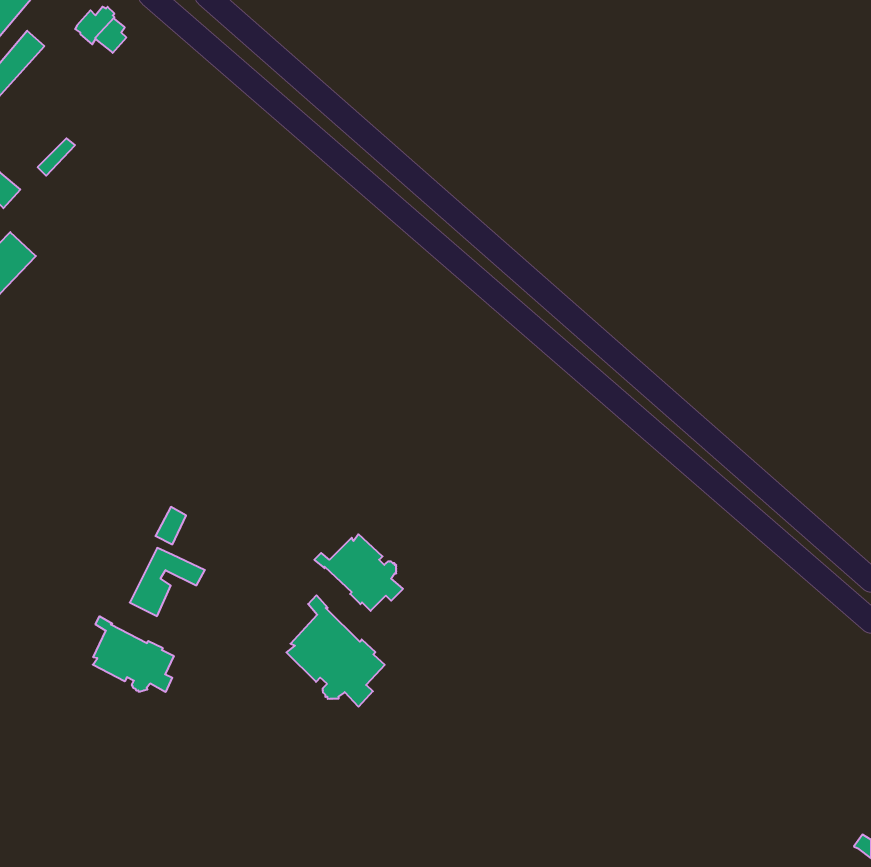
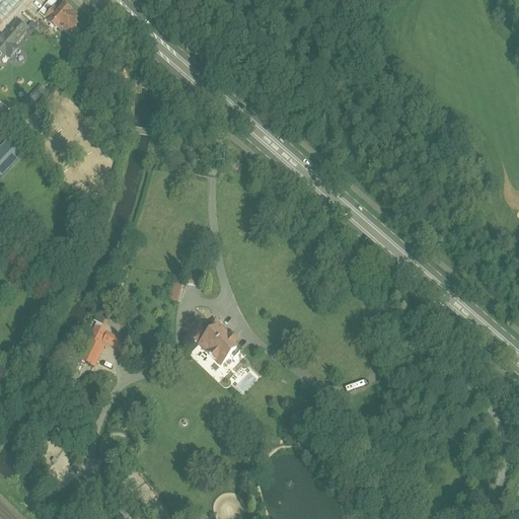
building: [286,595,385,707] -> none
building: [93,616,174,692] -> none

